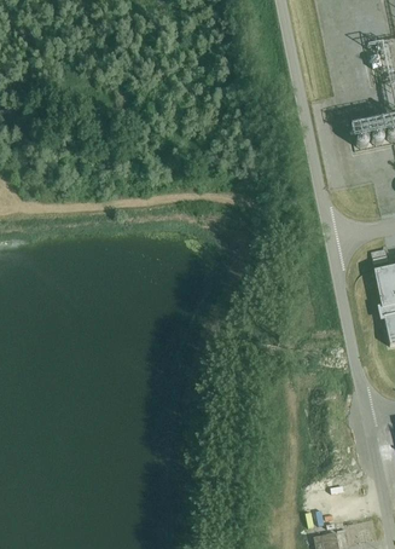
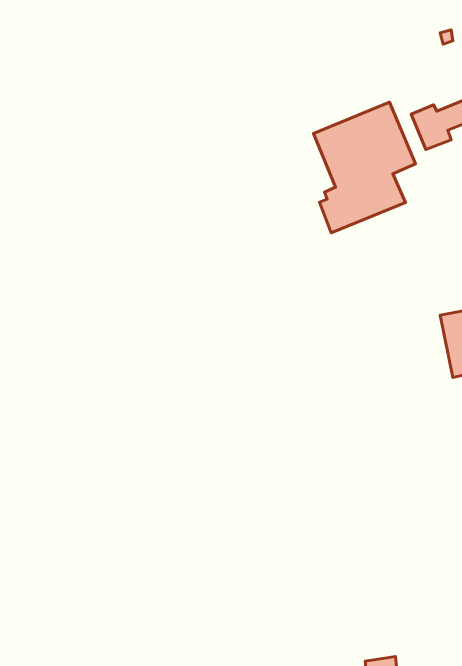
building: none -> [314,102,415,233]

